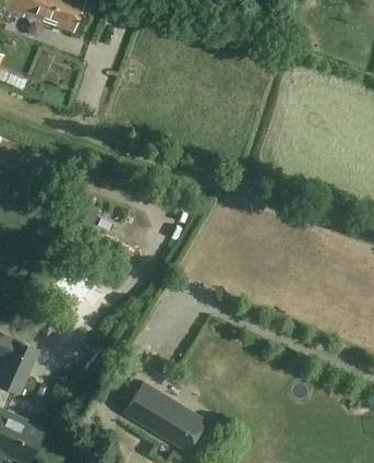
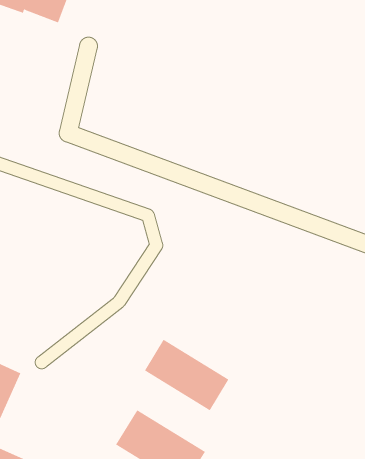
building: none -> [144,339,229,411]

